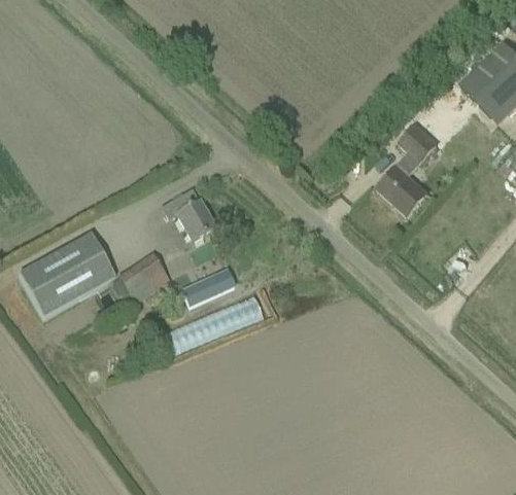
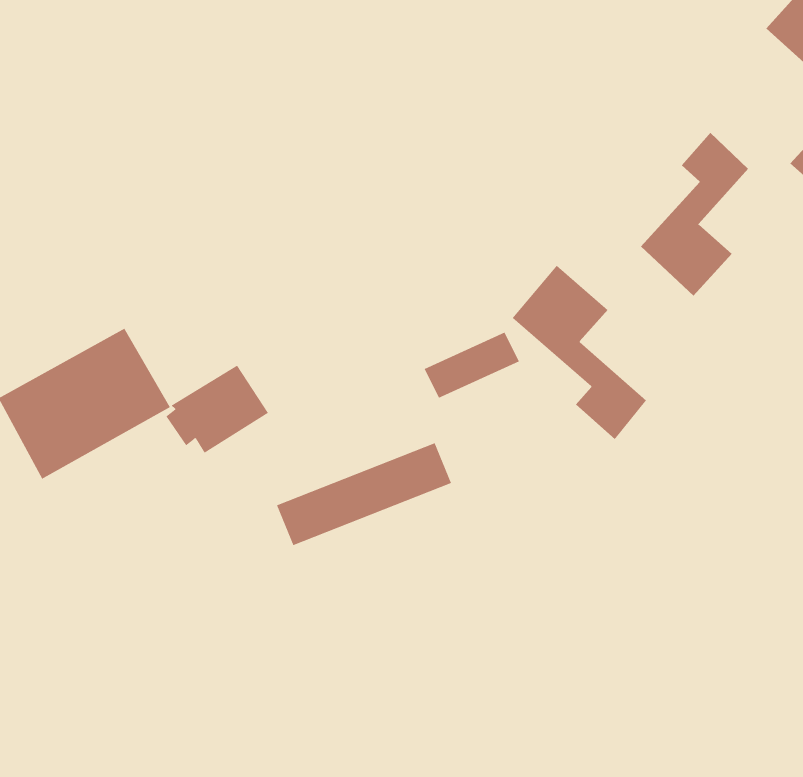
building: [163,188,216,241] -> none
building: none -> [512,265,647,440]
building: [181,269,235,306] -> [424,332,520,399]

